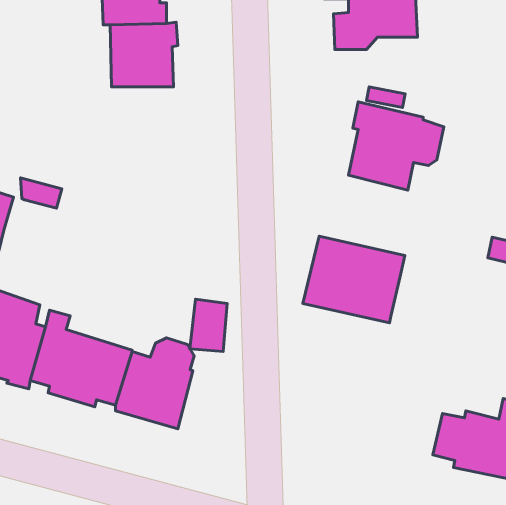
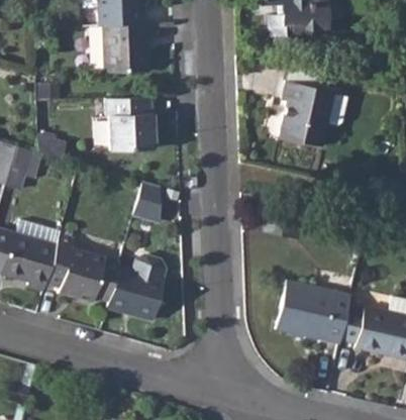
building: none -> [104,96,153,150]
building: [303,236,405,323] -> [275,281,349,344]
building: [190,299,227,352] -> [136,182,164,220]

